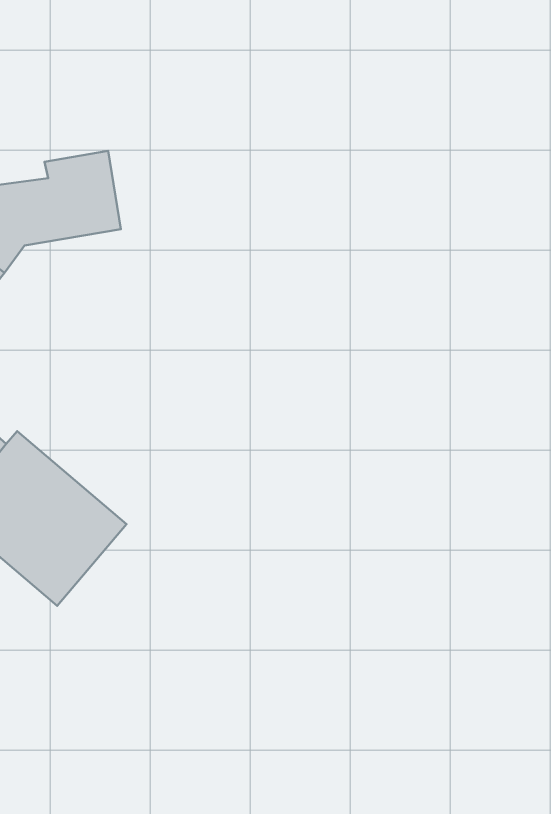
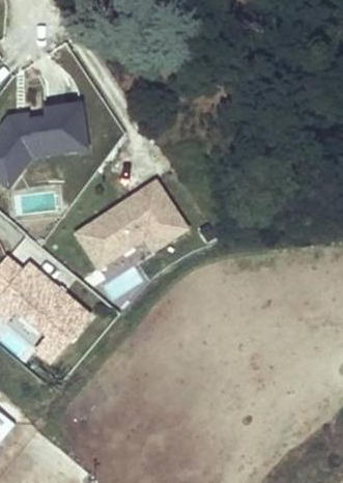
building: none -> [76,179,187,266]

